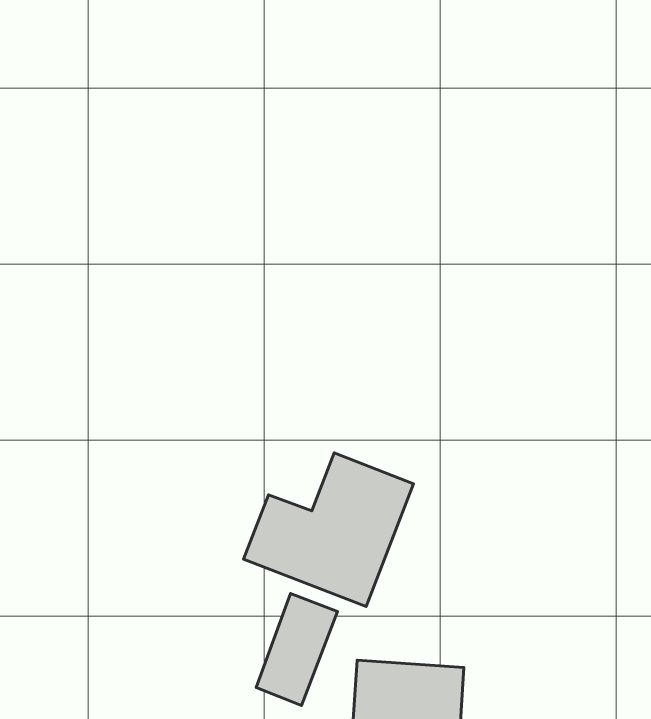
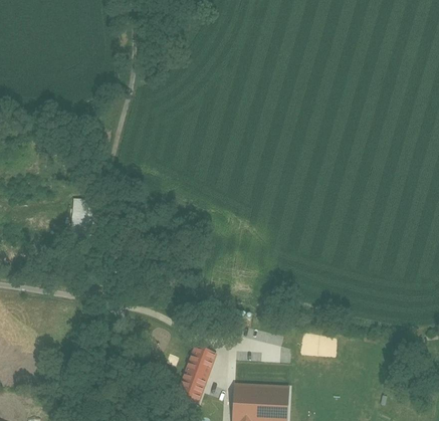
building: [244,453,413,606] -> none

